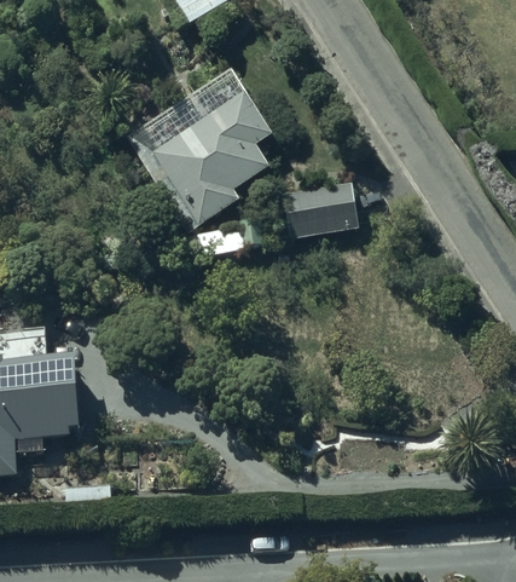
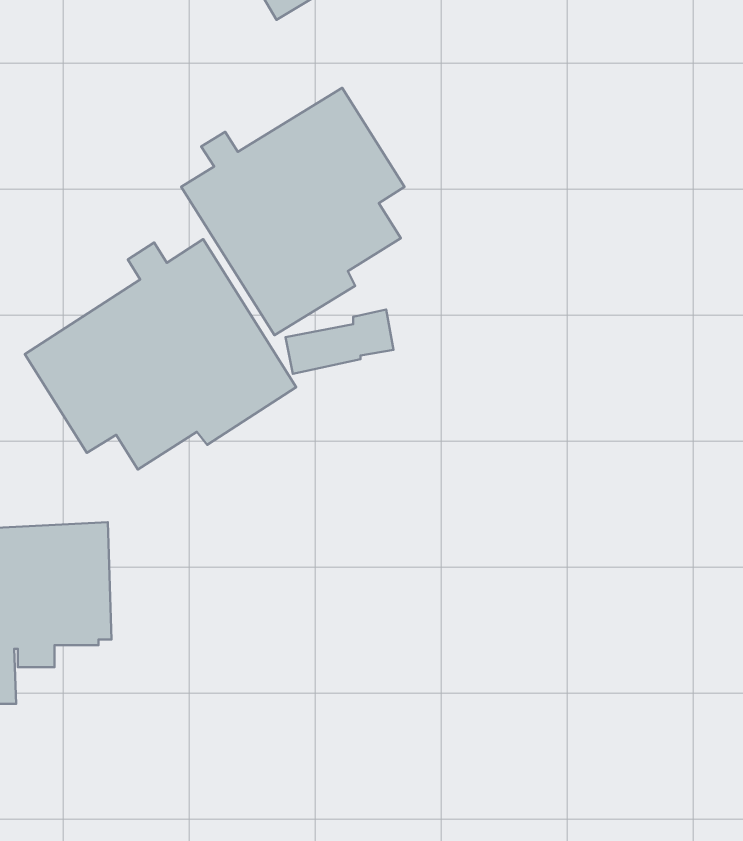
building: none -> [25,239,296,470]
building: [282,183,359,238] -> none

